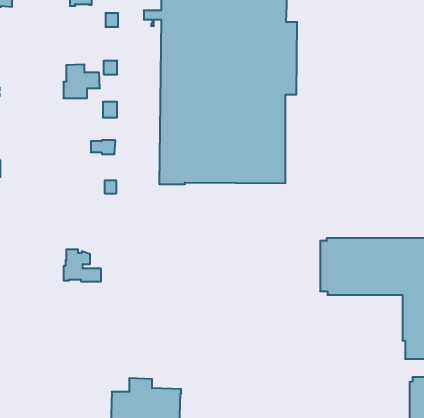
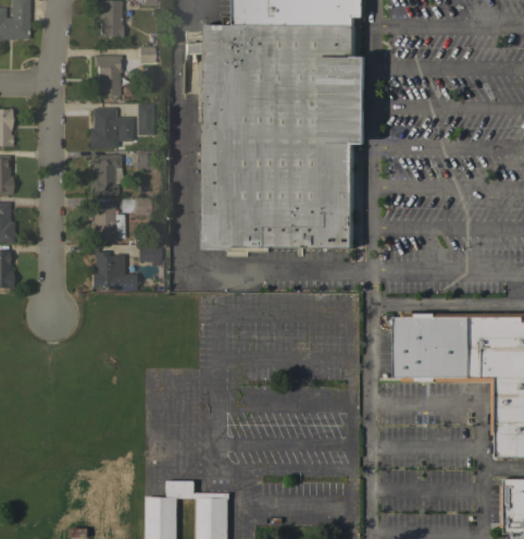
building: none -> [91,54,121,95]
building: none -> [88,154,122,195]
building: none -> [89,204,124,241]
building: [64,249,101,281] -> [90,250,135,289]

